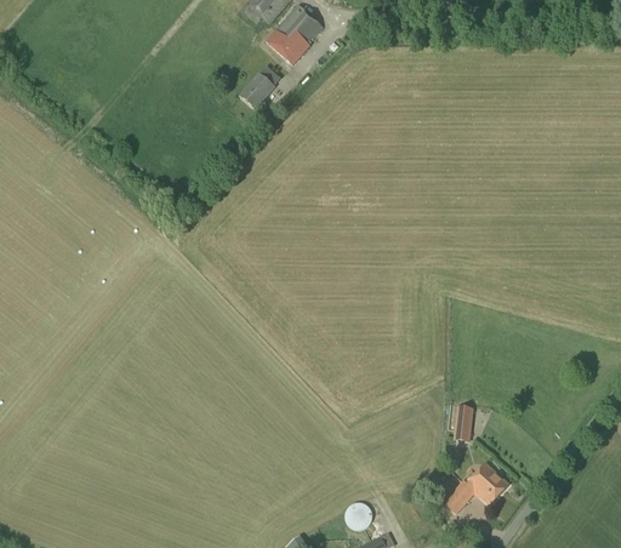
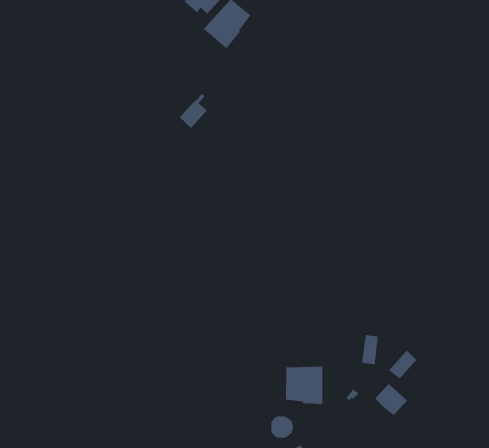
building: [241,65,275,108] -> [179,93,208,129]
building: none -> [286,366,323,405]
building: [444,478,478,513] -> [389,350,417,379]

